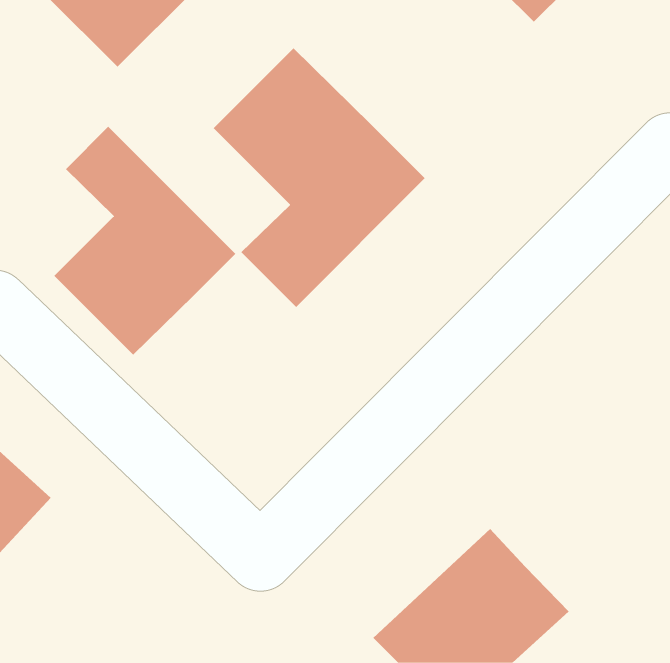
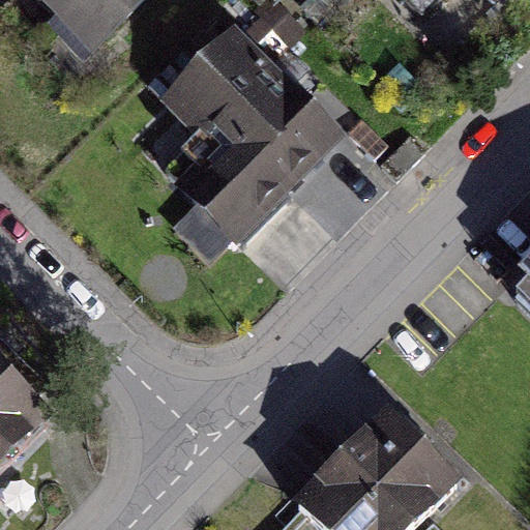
building: [54,126,236,355] -> none

